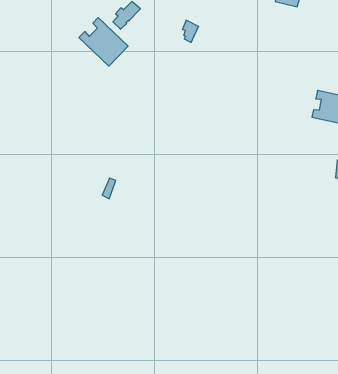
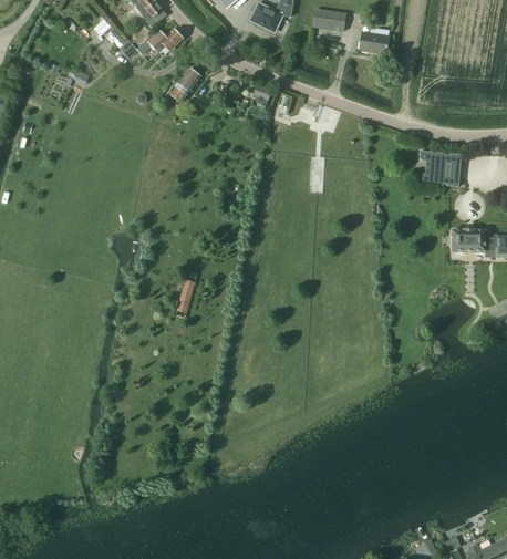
building: [79,18,128,66] -> none

